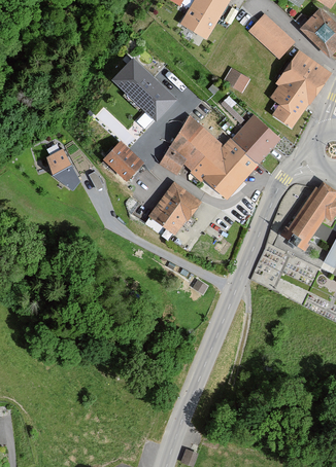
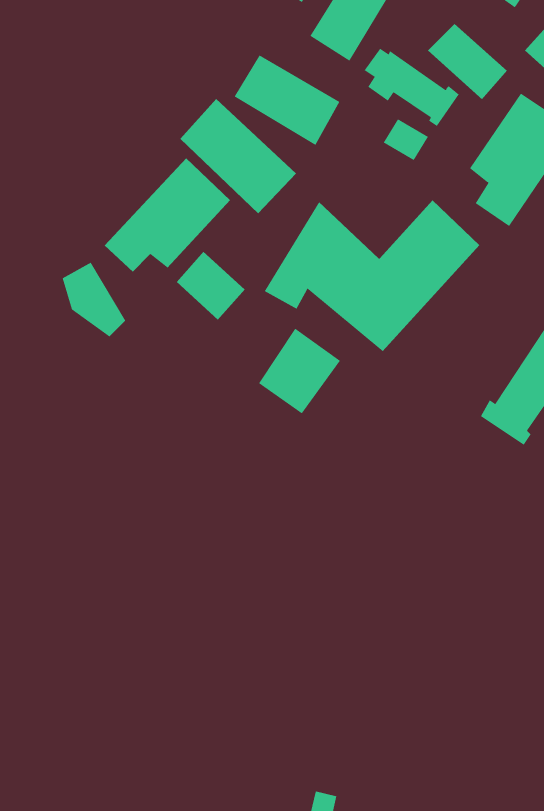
building: none -> [364,48,459,127]
building: none -> [234,55,340,146]
building: none -> [104,157,231,272]

